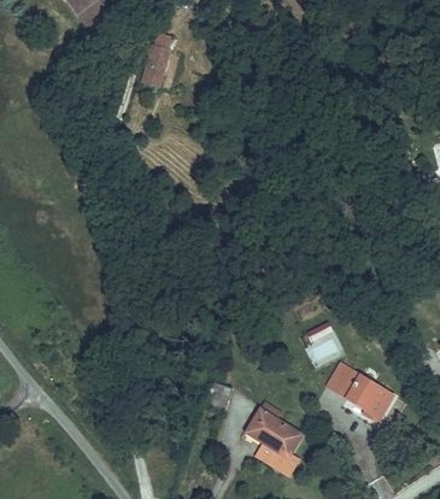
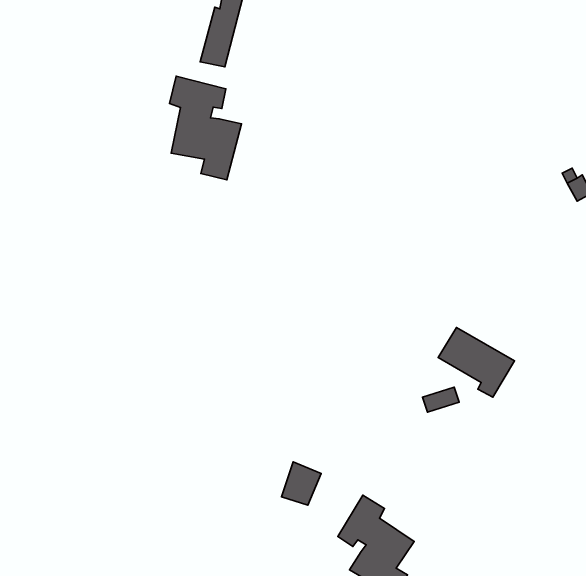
building: none -> [169,76,241,180]
building: [340,370,395,421] -> [438,328,514,397]

